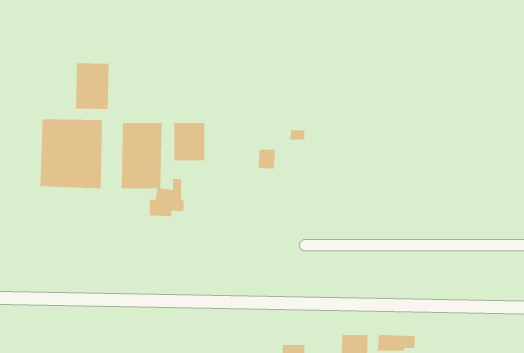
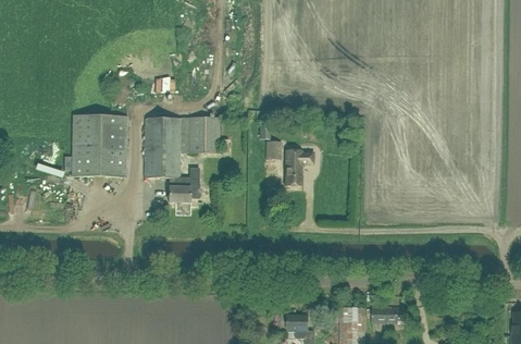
building: [75,62,109,110] -> none
building: none -> [285,149,313,185]

